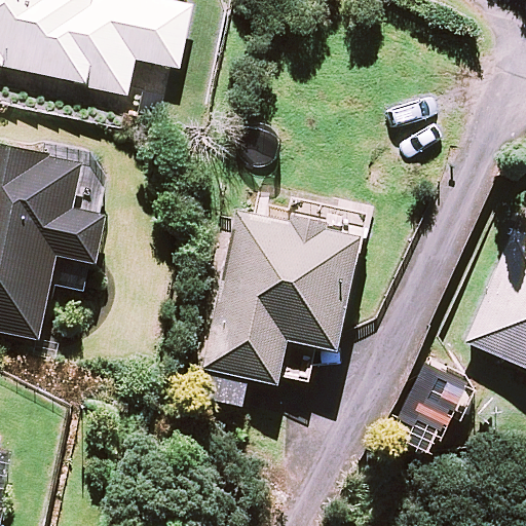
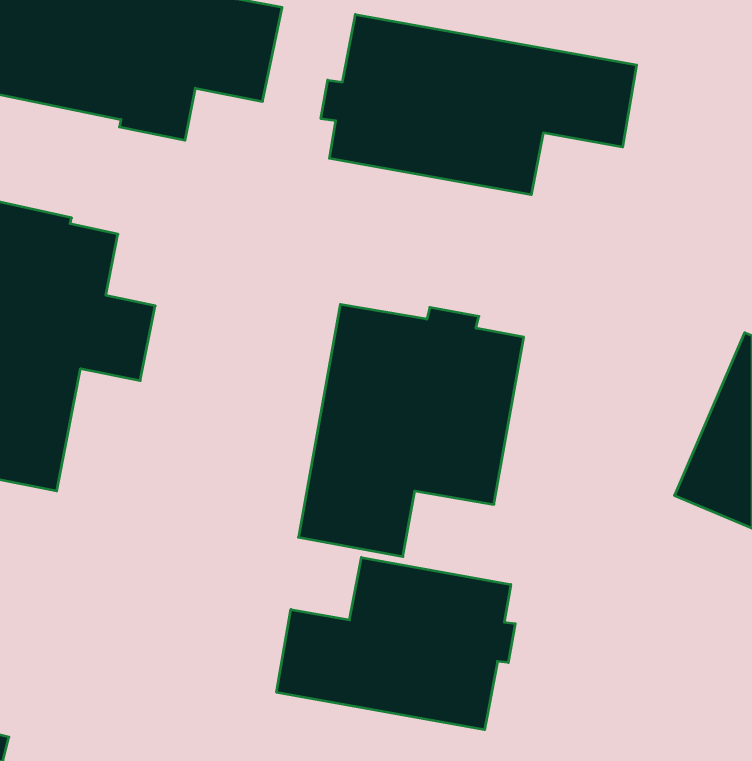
building: none -> [321,14,637,195]
building: none -> [277,557,515,730]

